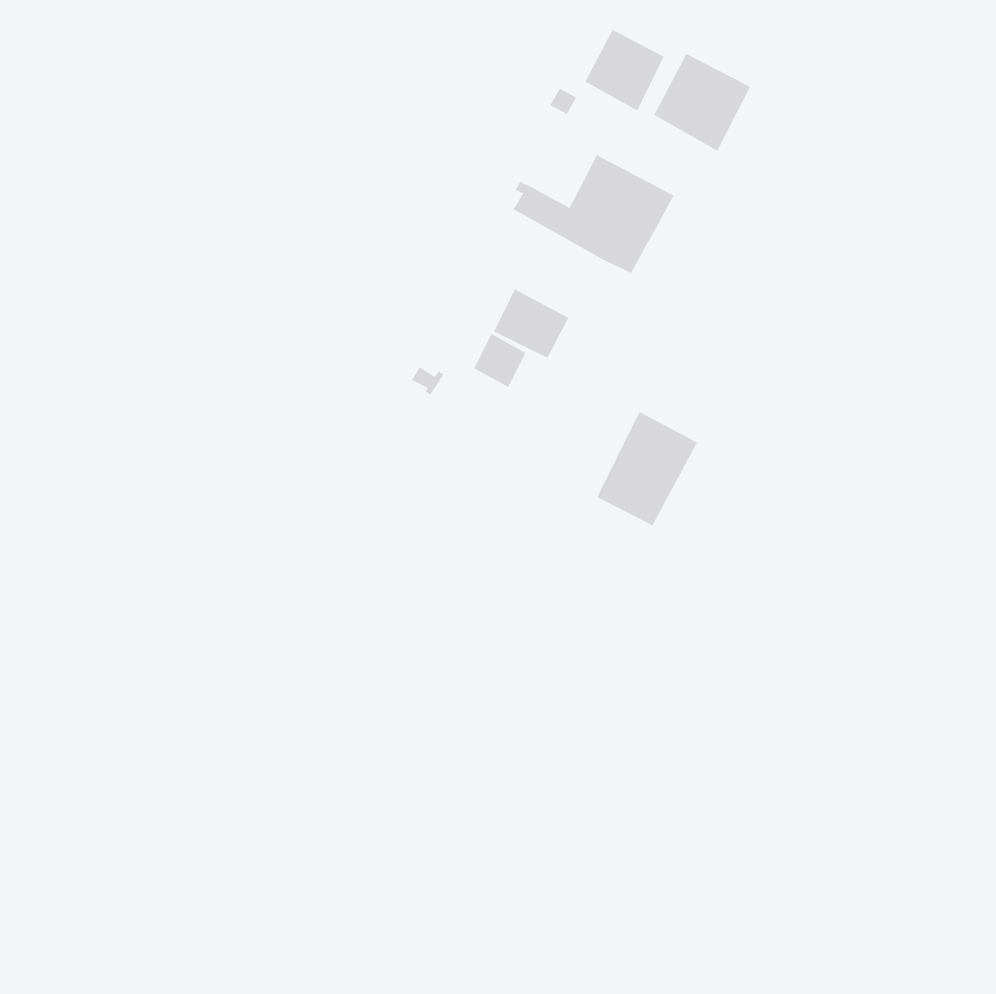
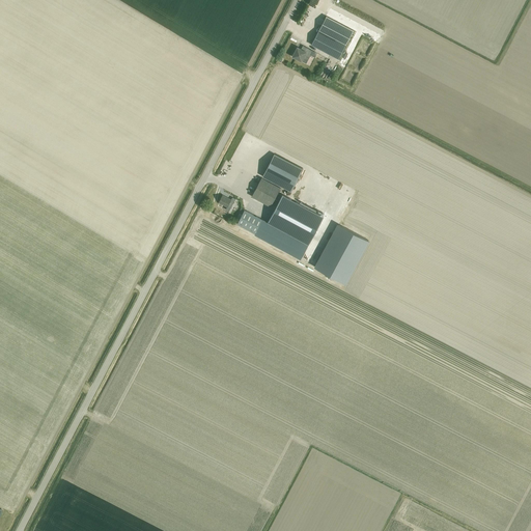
building: [653,53,751,151] -> none
building: [513,155,674,274] -> [237,195,324,258]

